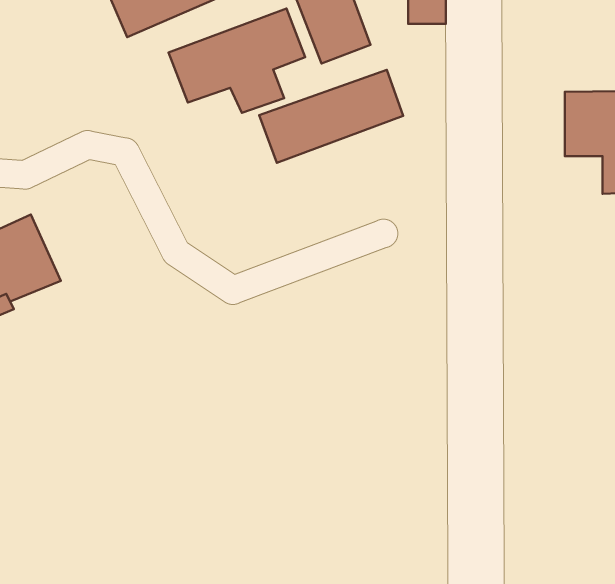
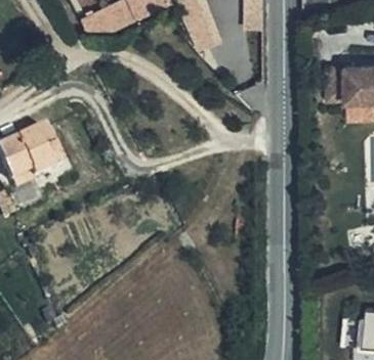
building: [168,9,305,113] -> none
building: [259,70,403,163] -> none

